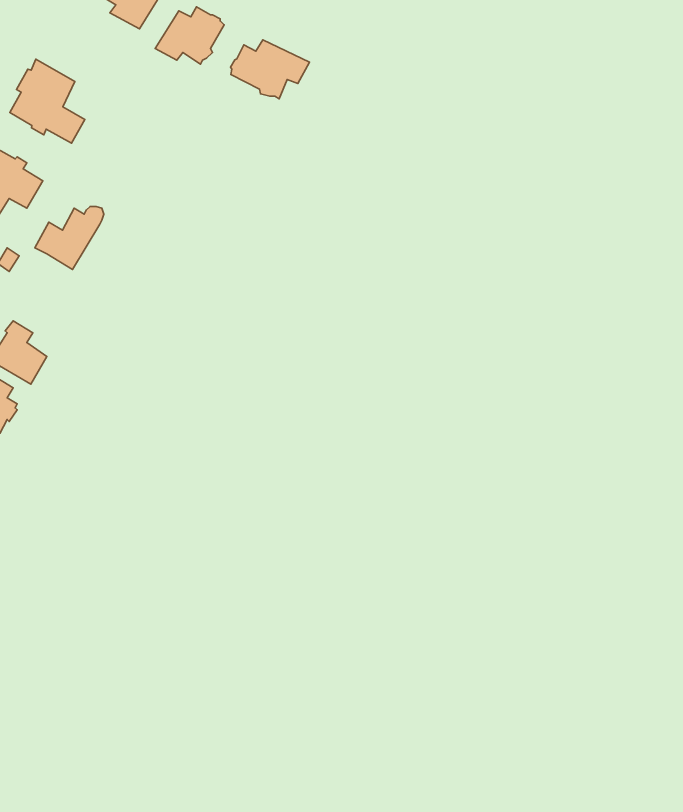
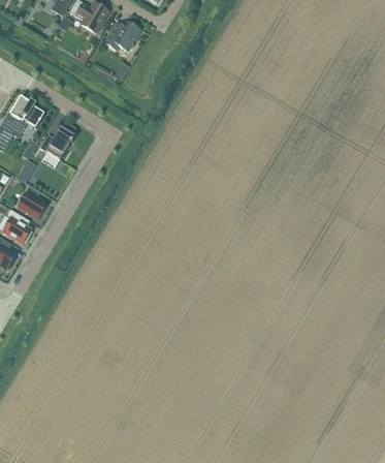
building: [231,40,310,99] -> none
building: [10,59,85,143] -> none

